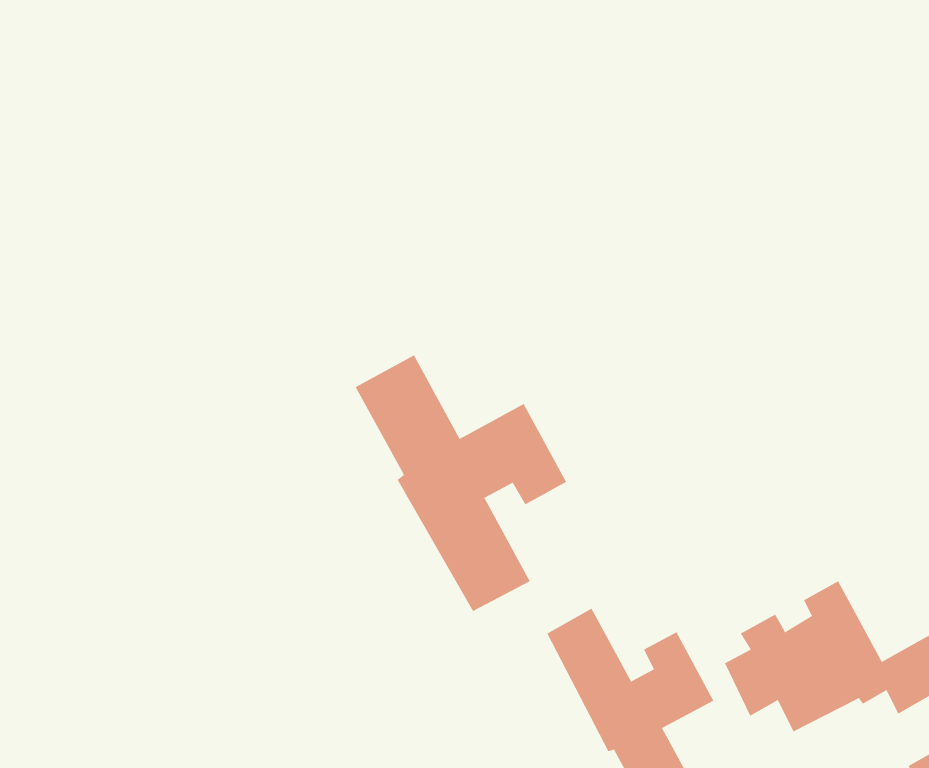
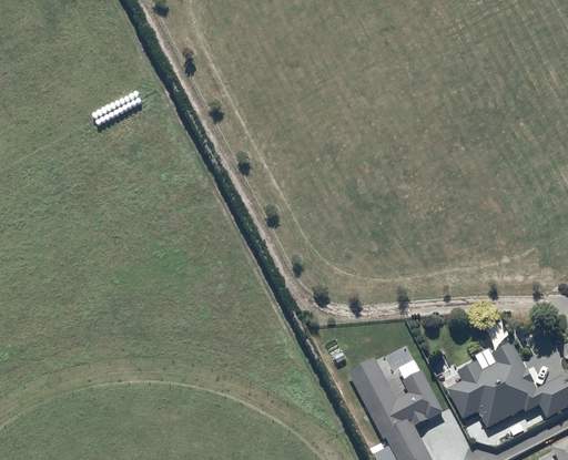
building: [355,355,567,612] -> none

